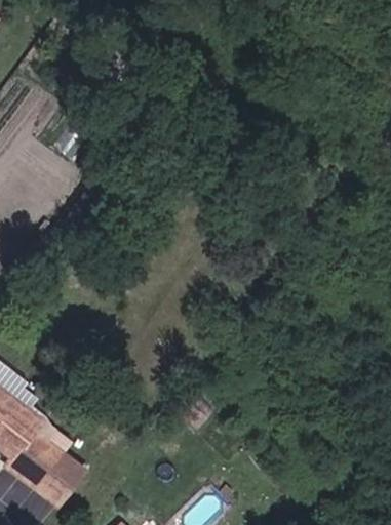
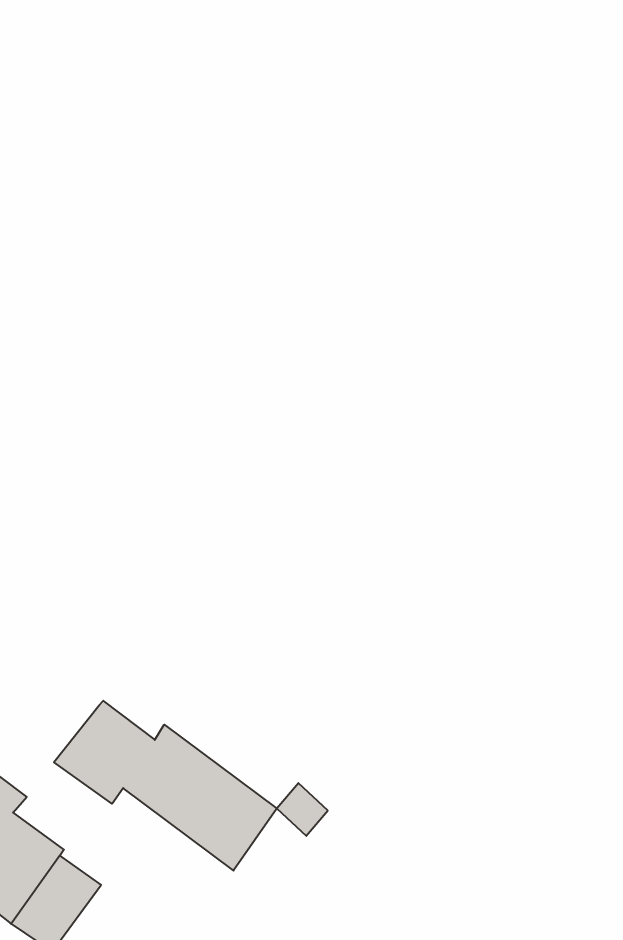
building: none -> [54,701,277,871]

